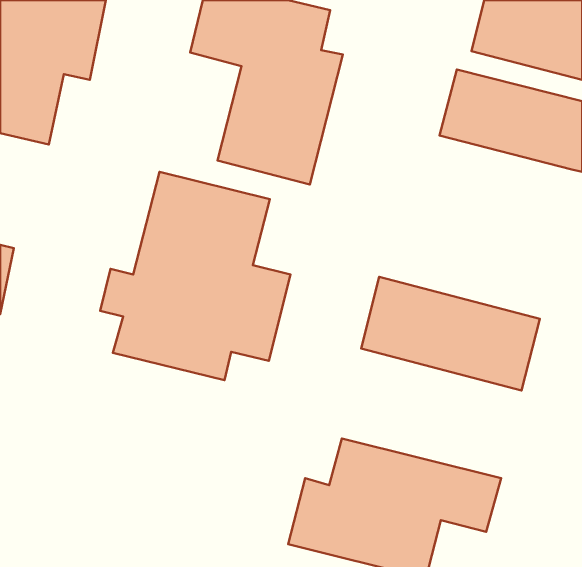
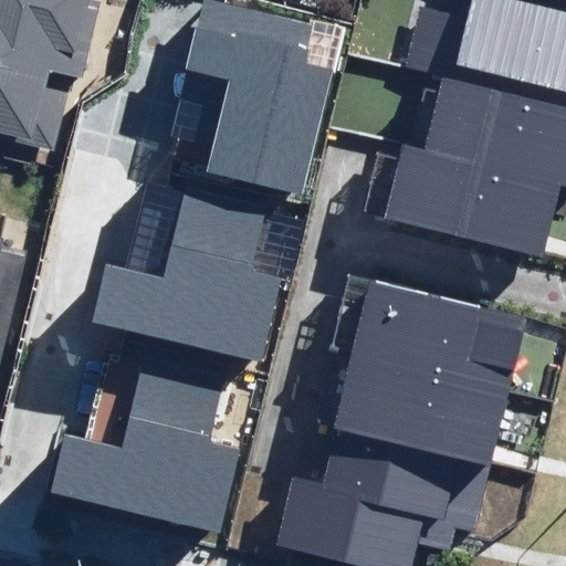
building: none -> [382,140,555,256]
building: none -> [333,353,506,461]
building: none -> [56,355,241,528]

